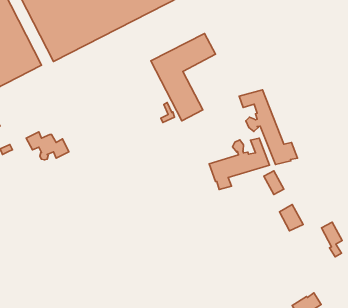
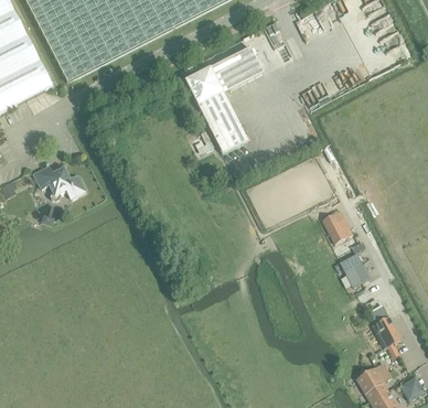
building: [239,90,298,165] -> none
building: [209,138,269,190] -> none
building: [321,222,342,257] -> [376,318,402,359]

